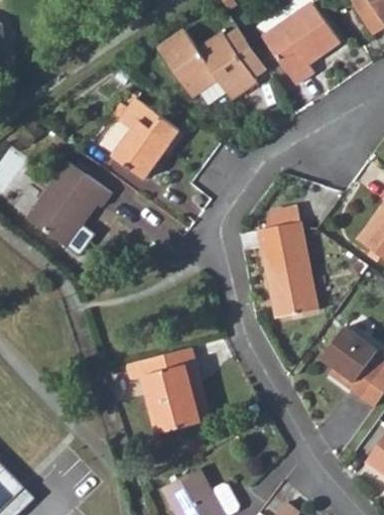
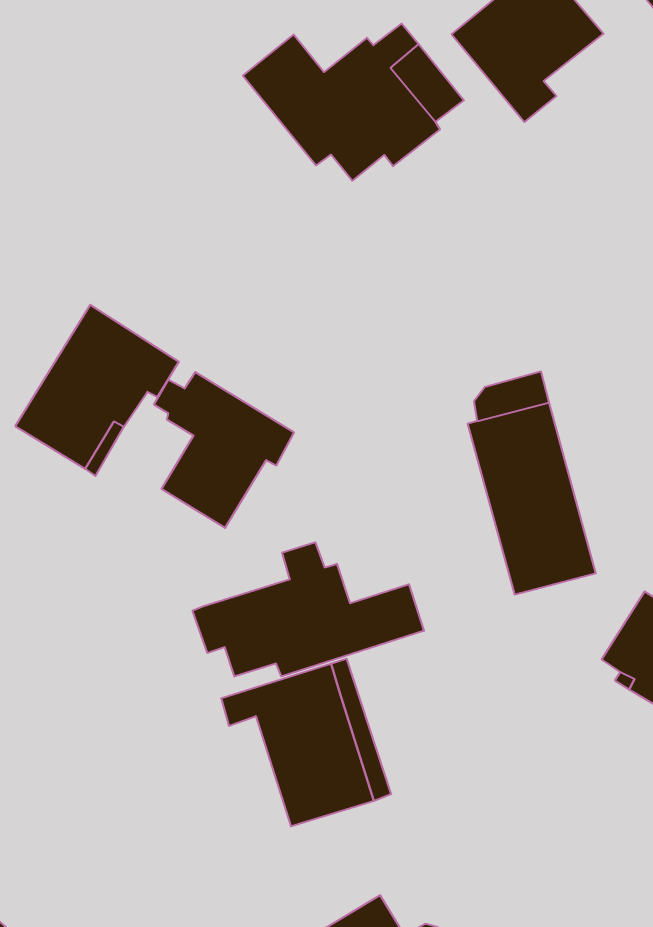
building: [115,99,185,179] -> [154,372,294,528]
building: none -> [193,542,424,677]

